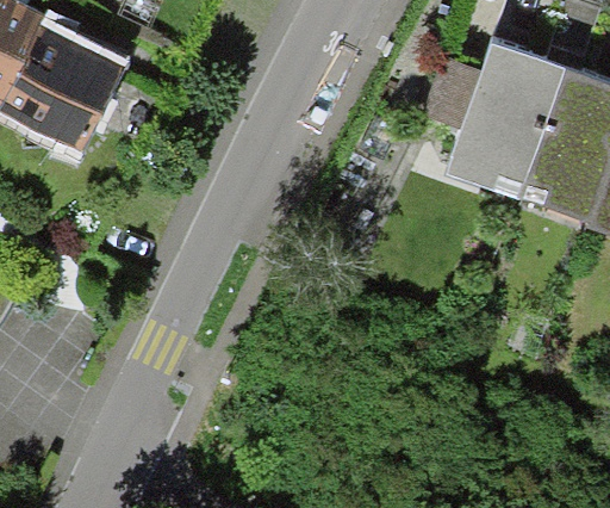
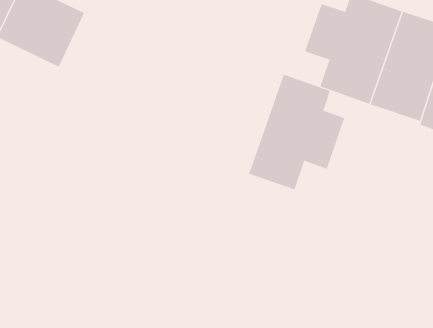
building: none -> [248,74,345,190]

